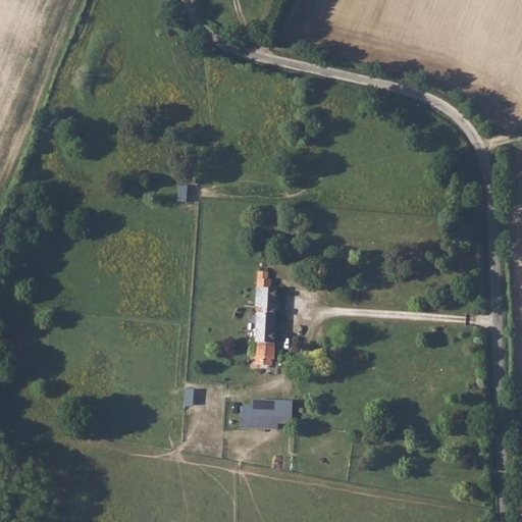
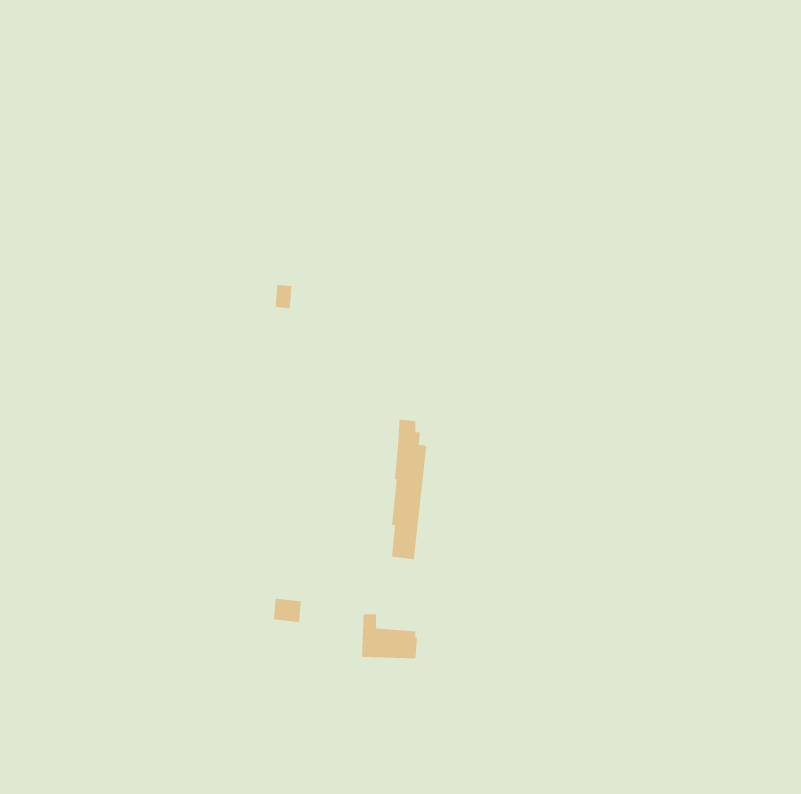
building: [246,397,286,419] -> none

